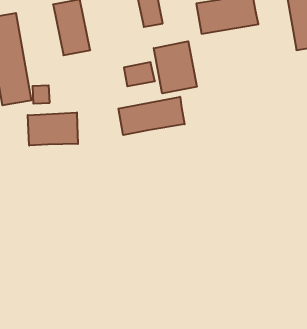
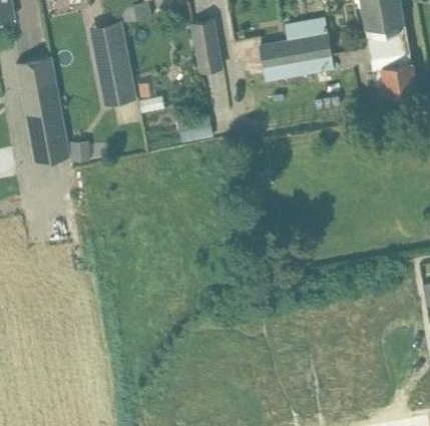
building: [154,41,197,93] -> none
building: [118,97,185,135] -> none
building: [28,112,78,146] -> none

